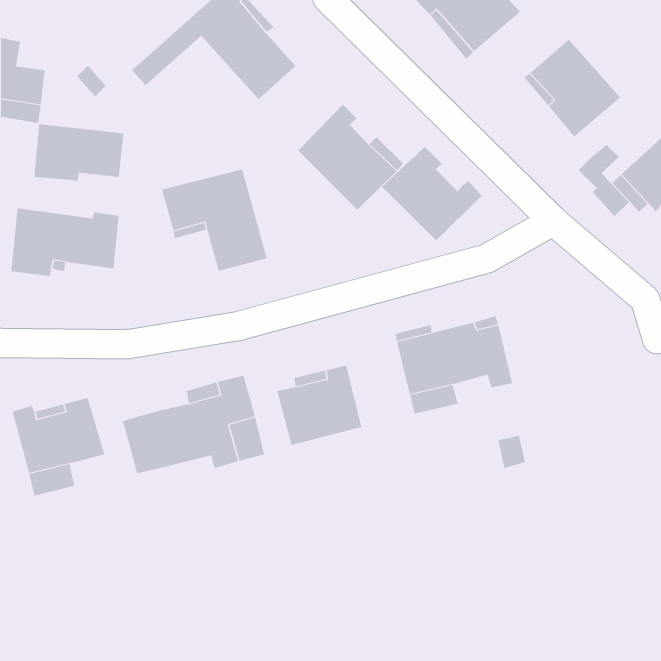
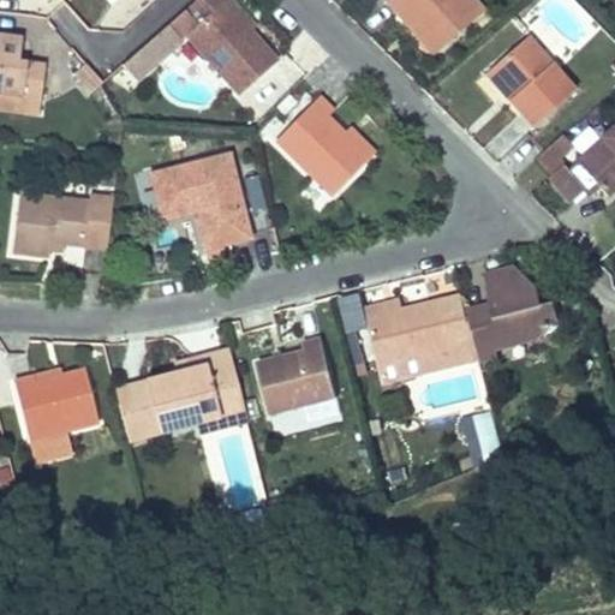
building: [34,123,124,181] -> none
building: [381,146,483,241] -> none
building: none -> [467,268,560,360]

